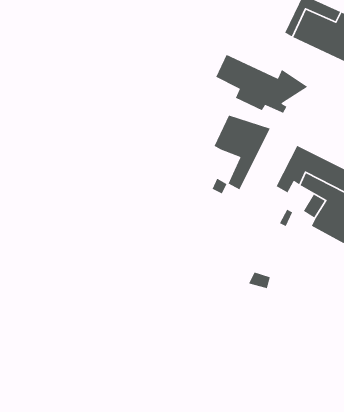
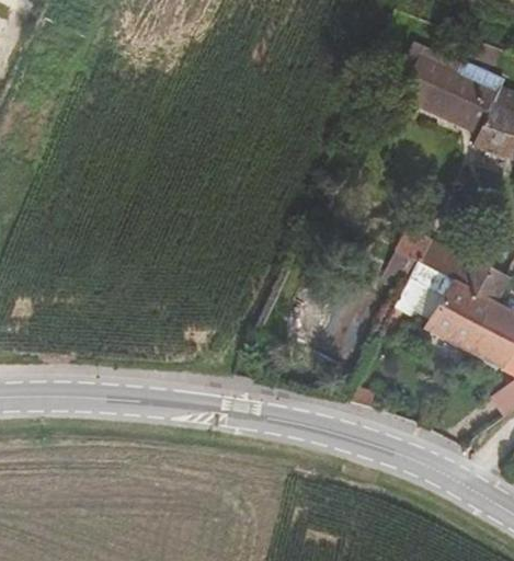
building: [215,54,308,114] -> none
building: [213,114,271,190] -> none

